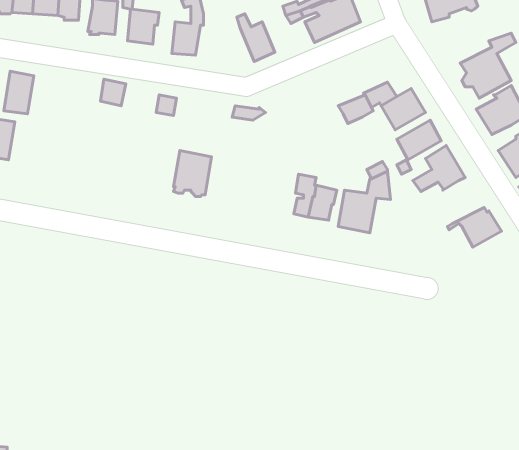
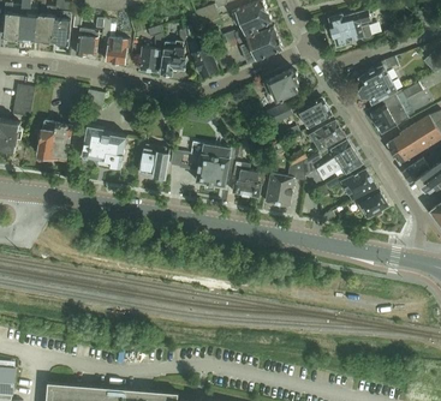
building: none -> [161,41,186,74]
building: none -> [262,70,298,101]
building: none -> [37,121,71,160]
building: none -> [83,125,126,167]
building: none -> [169,142,231,186]
building: none -> [326,167,376,199]

